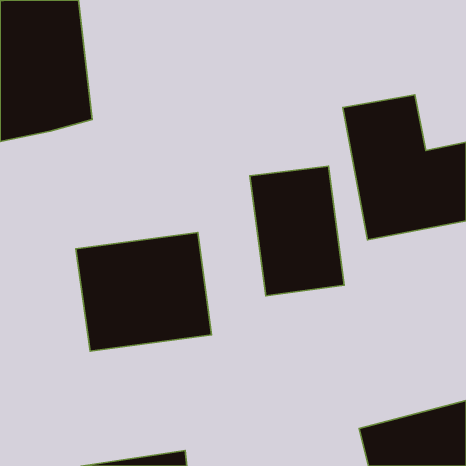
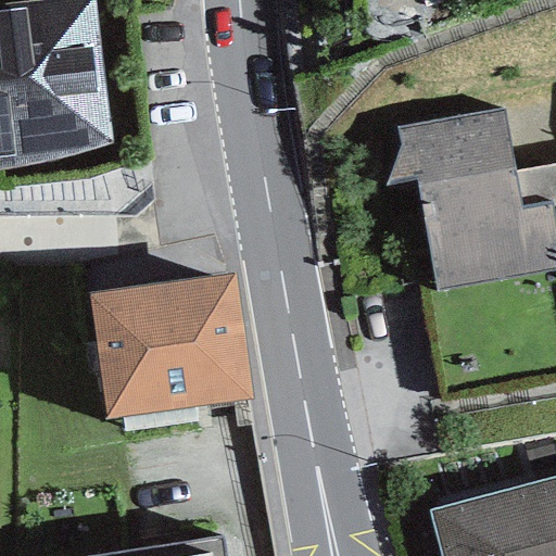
building: [250,166,344,296] -> none

